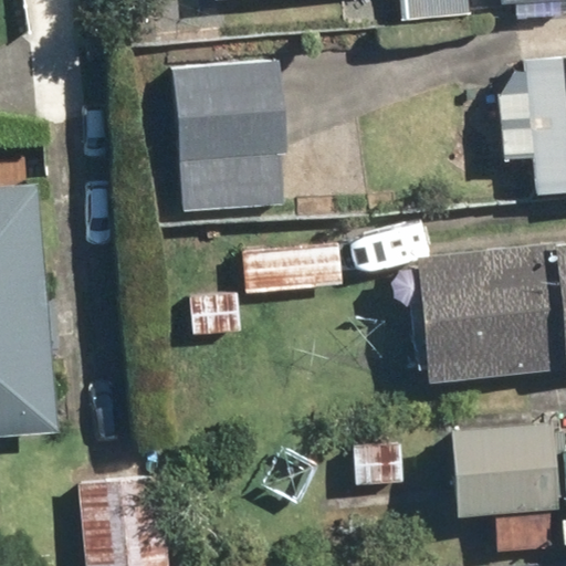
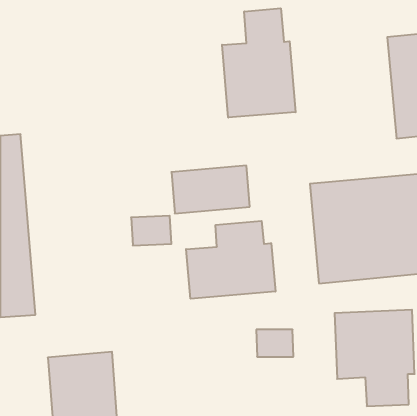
building: none -> [222,8,296,118]
building: [155,62,282,214] -> none
building: none -> [186,221,275,299]

